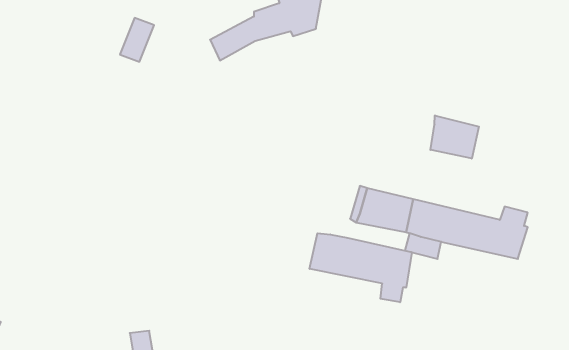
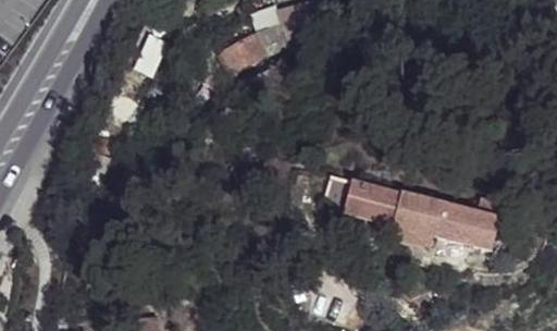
building: [430,115,479,159] -> none
building: [310,233,412,302] -> none

